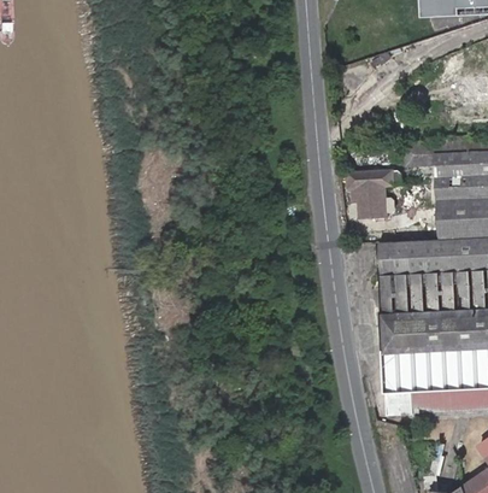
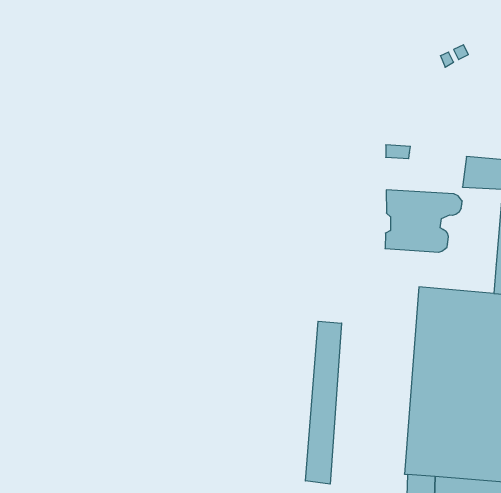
building: none -> [305,321,342,484]

